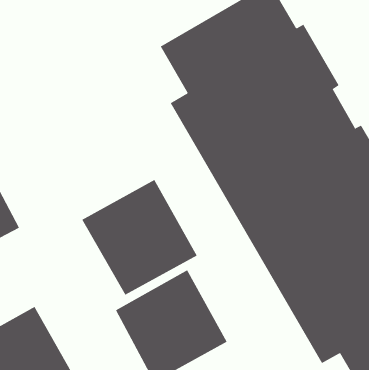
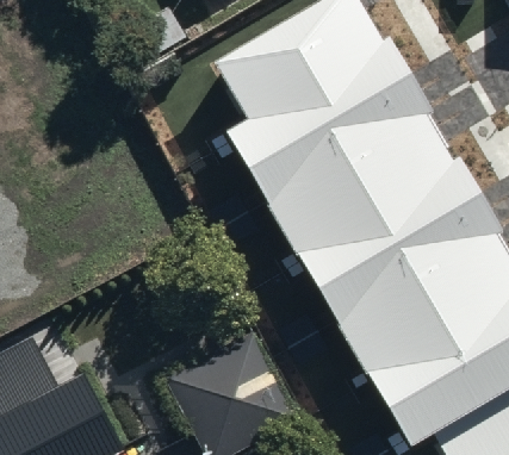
building: [82,179,198,295] -> none

